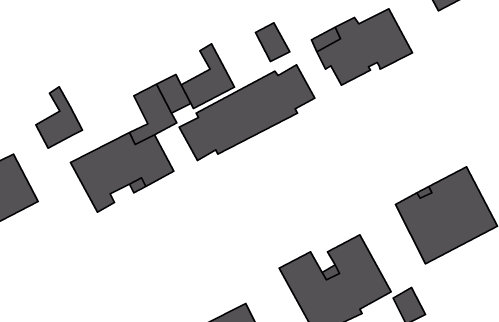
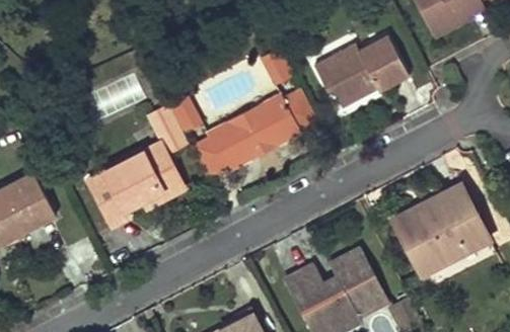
building: [181,44,234,108] -> none
building: [36,87,83,148] -> none

